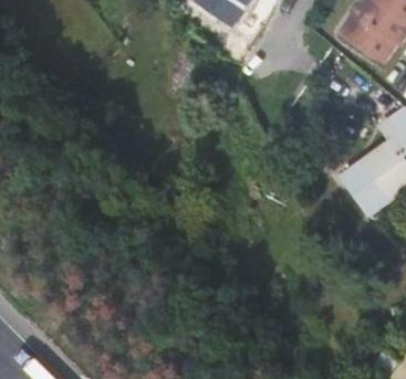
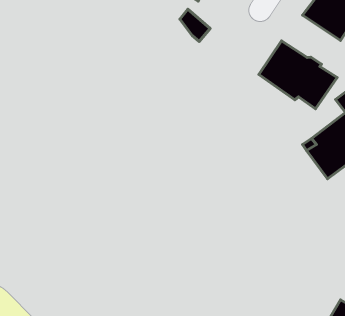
building: none -> [259,41,337,109]

